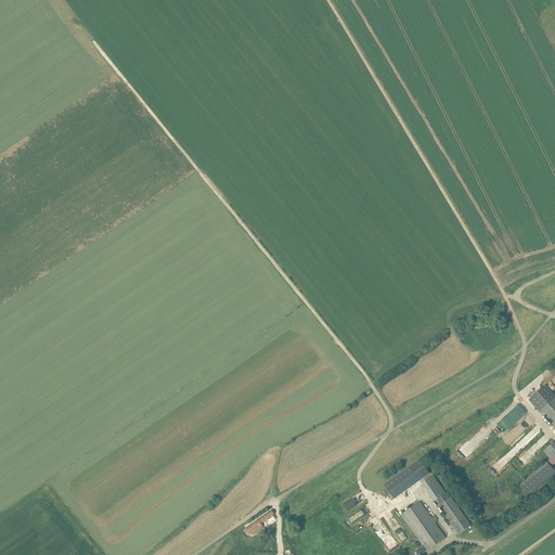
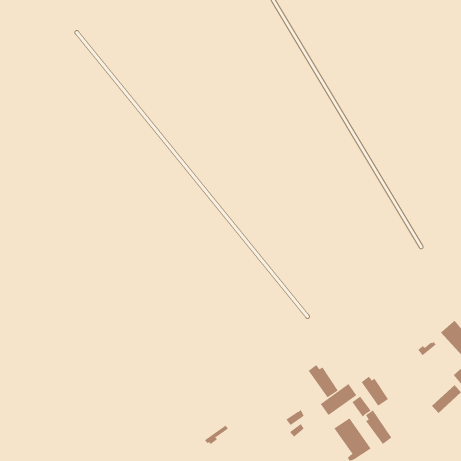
building: none -> [308,364,339,398]
building: none -> [361,376,389,407]

